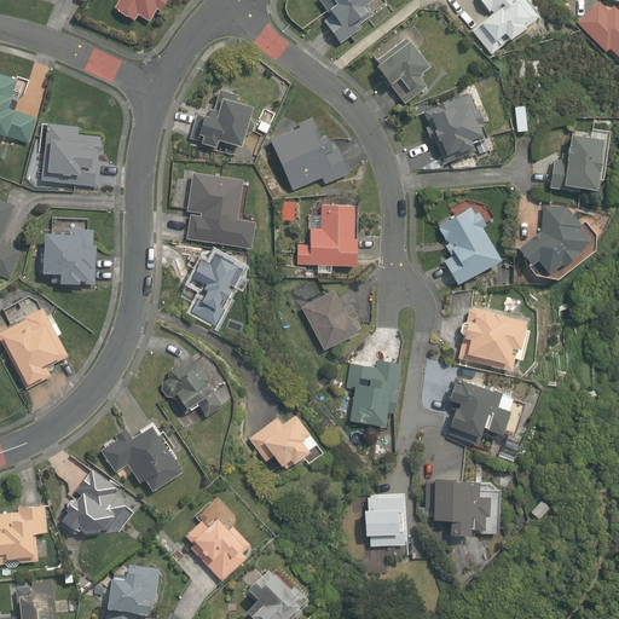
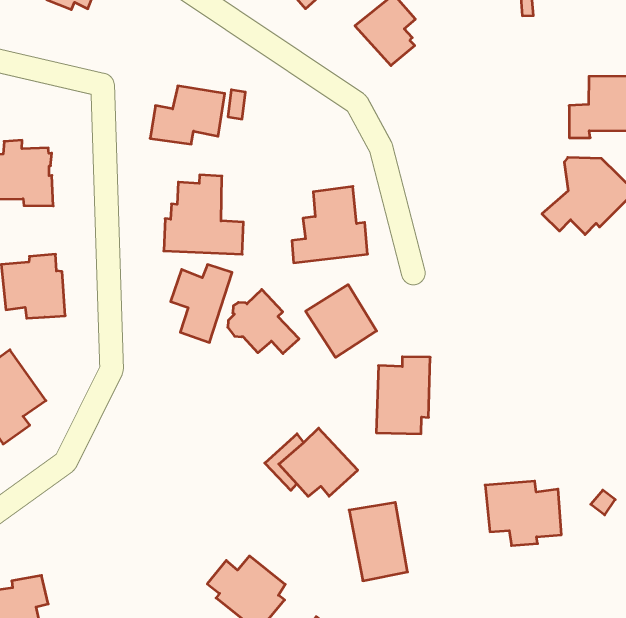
building: [420,94,486,158] -> none
building: [272,115,348,191] -> none
building: [438,207,504,285] -> none
building: [457,306,538,364] -> none
building: [158,358,219,416] -> [228,289,299,354]
building: [450,377,527,440] -> none
building: [98,423,178,490] -> none
building: [59,467,125,528] -> none
building: [365,491,409,555] -> [349,502,408,581]

